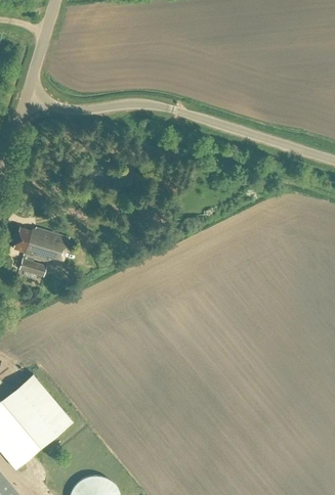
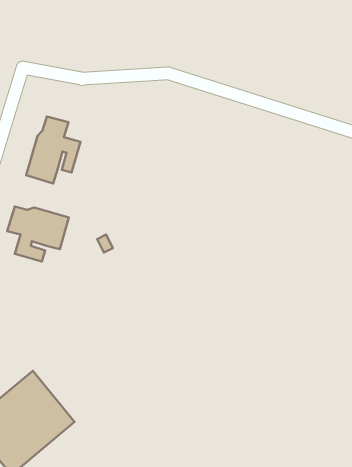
building: none -> [26,117,80,183]

